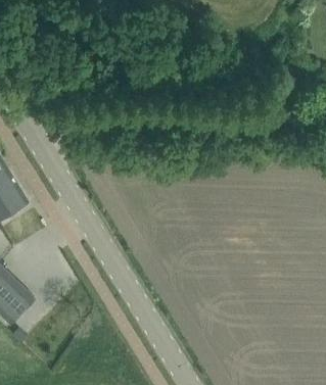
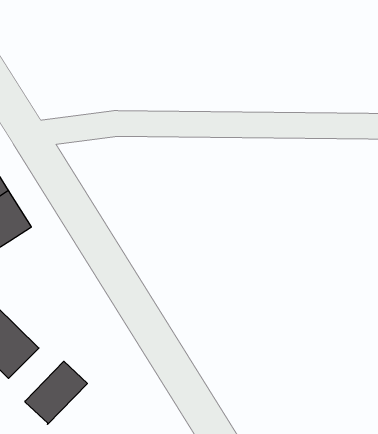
building: none -> [25,361,87,424]

